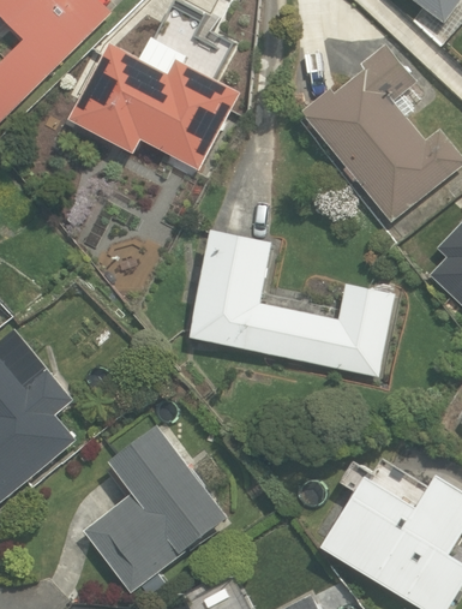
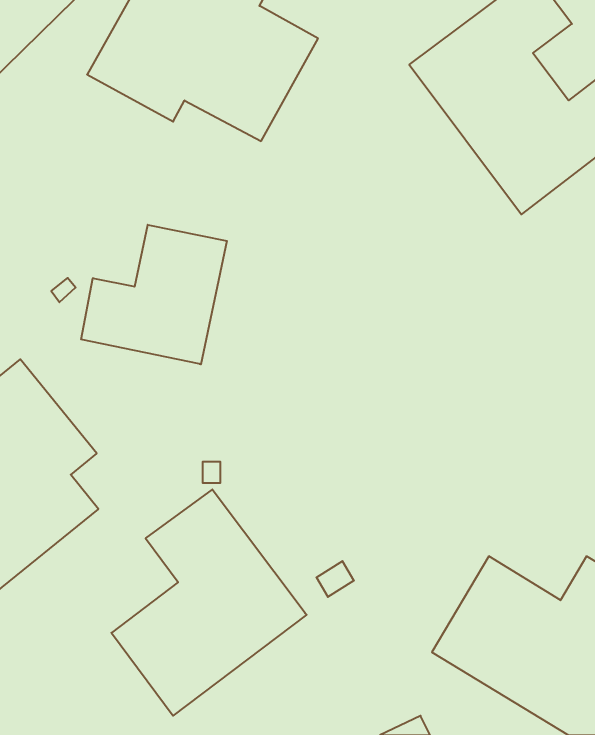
building: none -> [81,225,227,364]
building: [190,232,391,375] -> none

